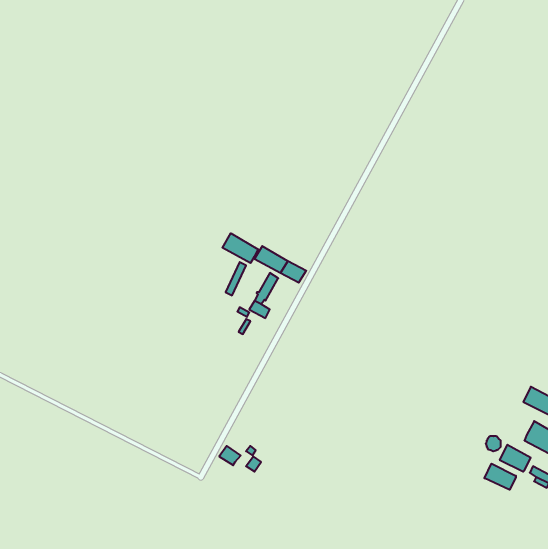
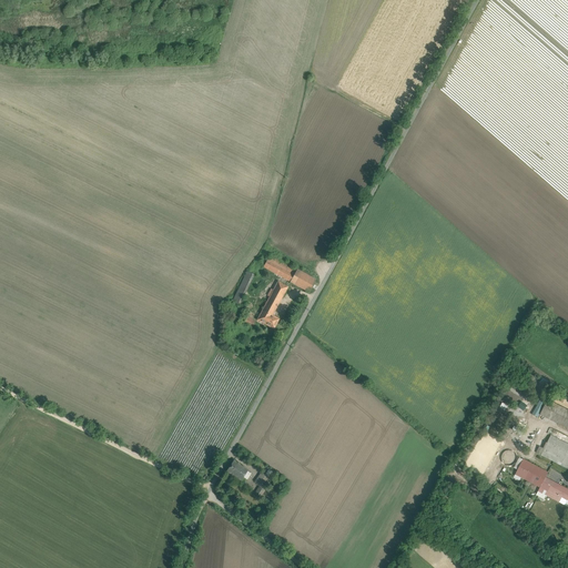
building: [222,233,258,263] -> none
building: [484,464,516,490] -> none

